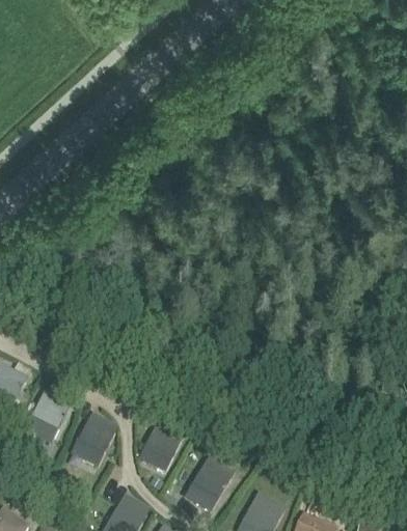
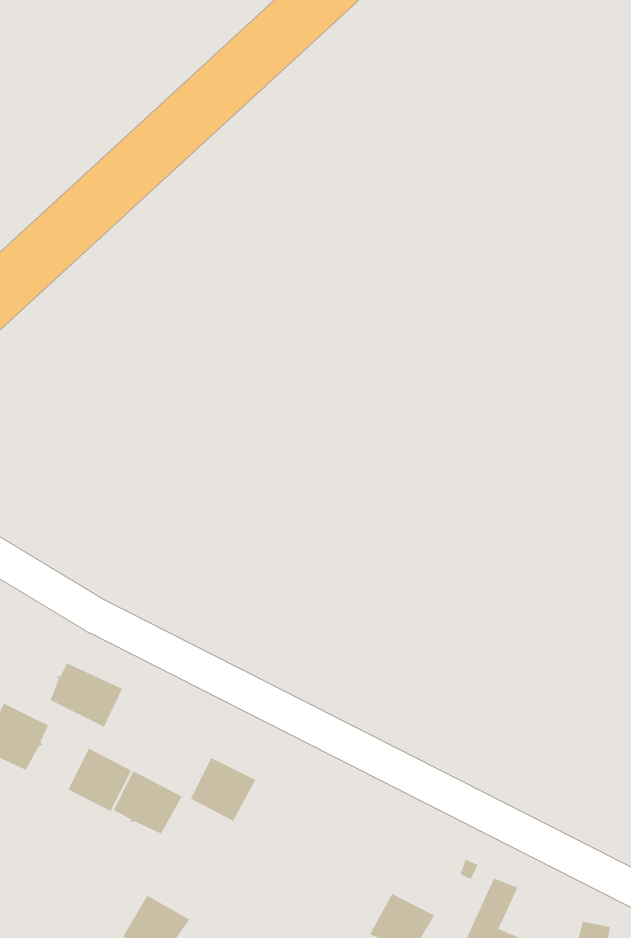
building: none -> [50,663,123,727]
building: none -> [113,771,182,834]
building: [192,465,229,501] -> none

